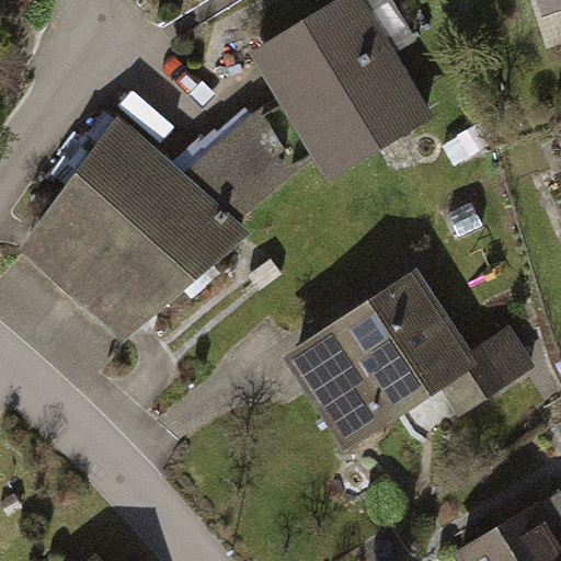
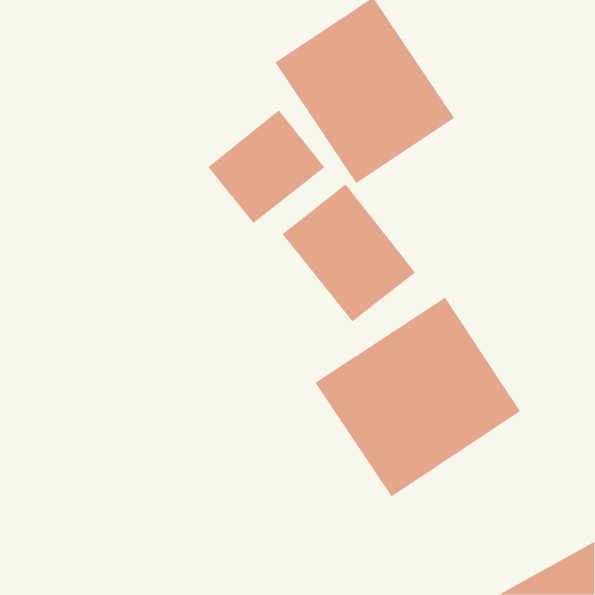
building: [23,127,225,332] -> none
building: none -> [282,183,416,322]

